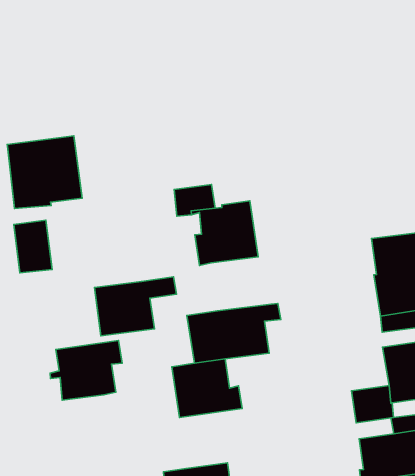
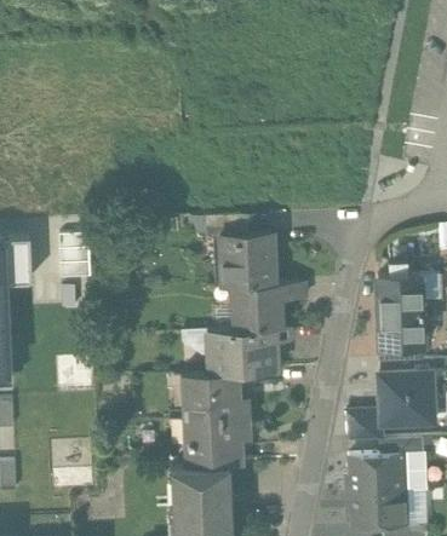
building: [7,136,82,209] -> none
building: [95,277,177,336] -> [233,286,305,332]
building: [50,340,122,400] -> [183,421,248,469]

